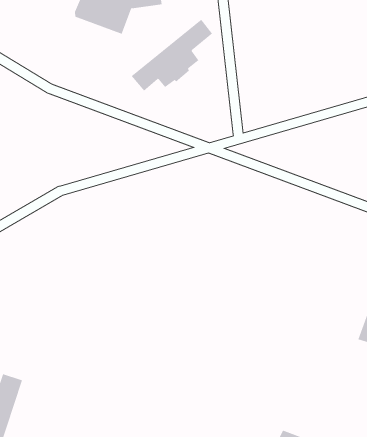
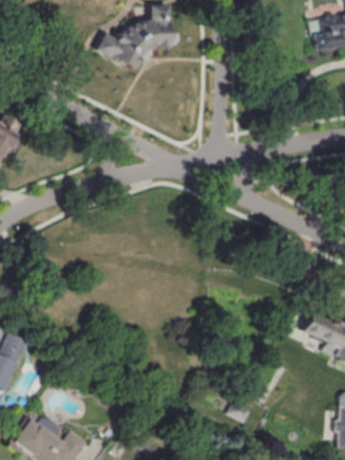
building: [131,19,213,91] -> none

